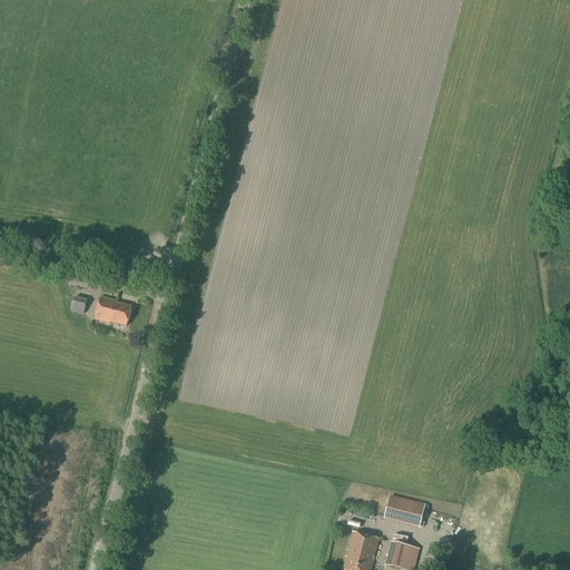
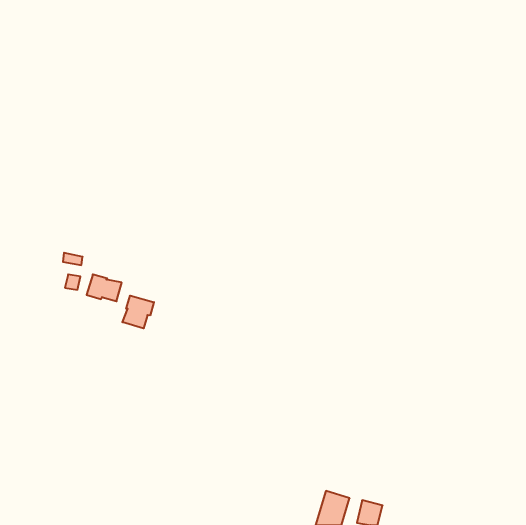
building: none -> [122,296,154,328]
building: [385,495,425,524] -> none

